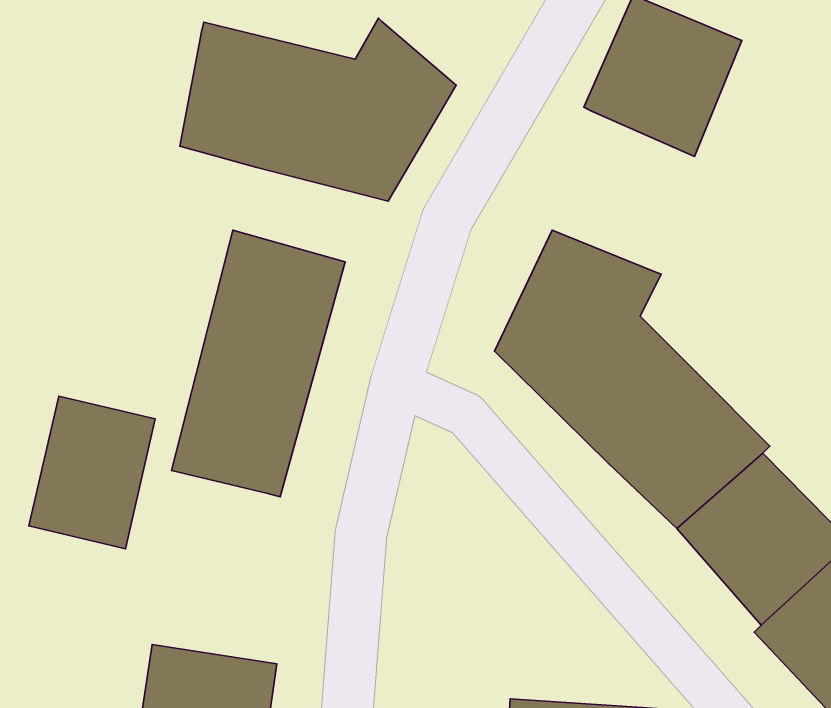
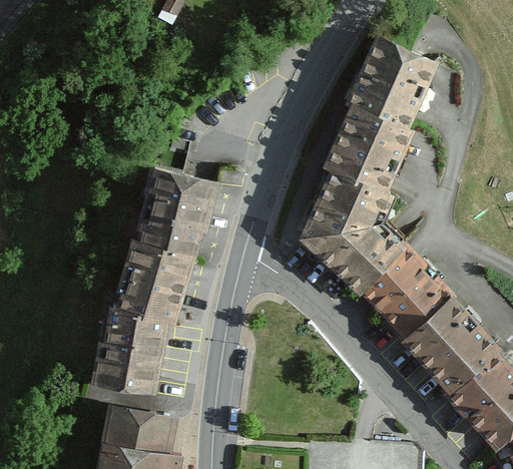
building: [180,18,456,201] -> none
building: none -> [324,102,417,194]
building: [29,396,155,549] -> [97,308,169,395]

